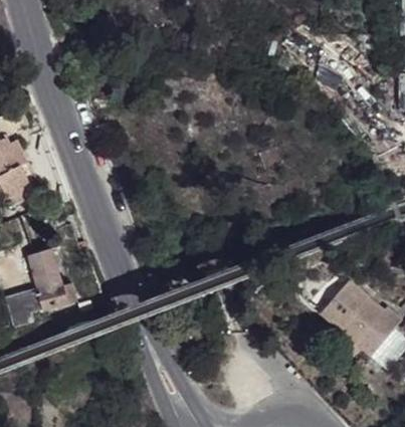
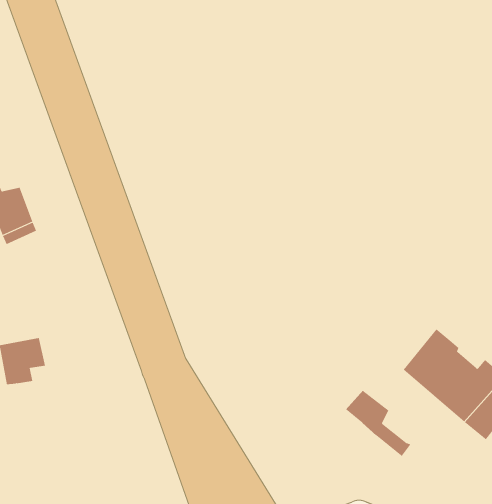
building: [29,248,74,310] -> none
building: none -> [345,390,411,457]

